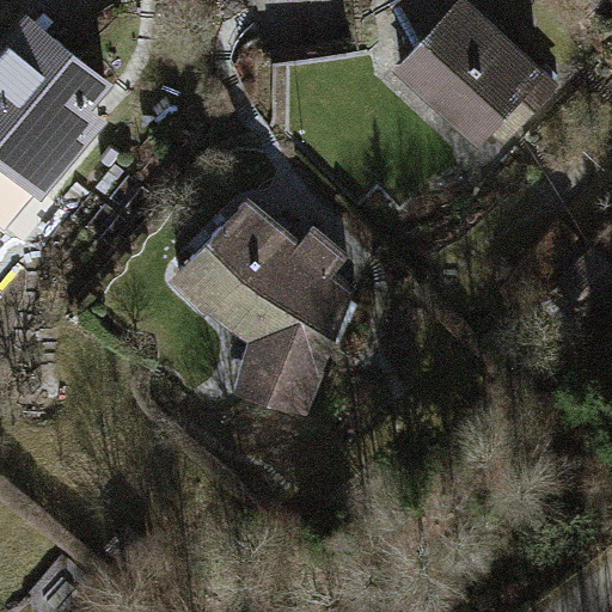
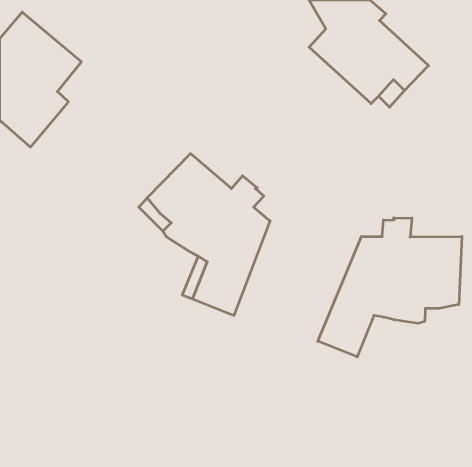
building: none -> [318,218,462,357]

